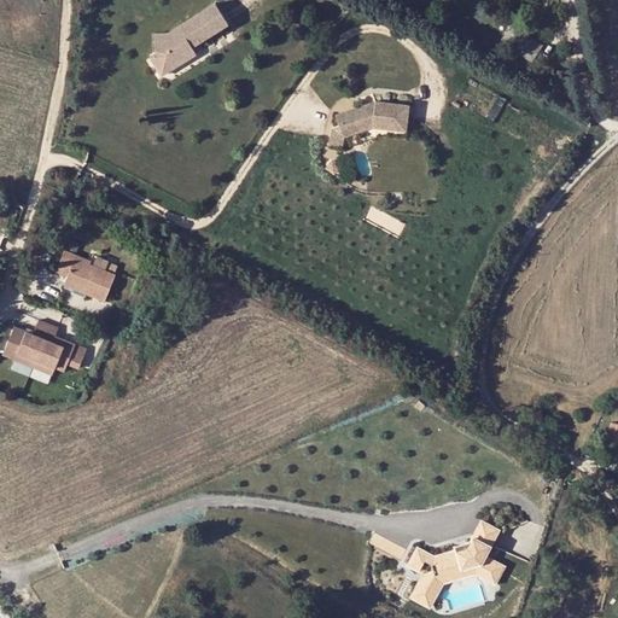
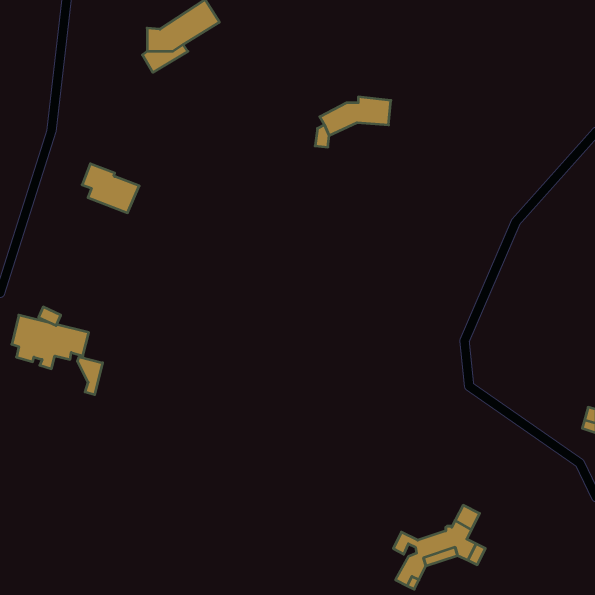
building: [57,250,116,301] -> [82,164,139,213]
building: none -> [77,357,103,395]

